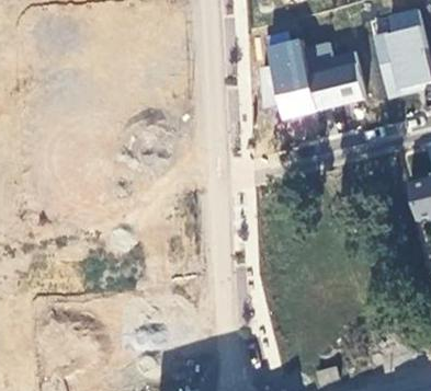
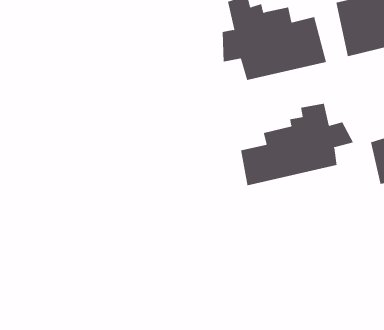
building: none -> [240,103,354,186]

